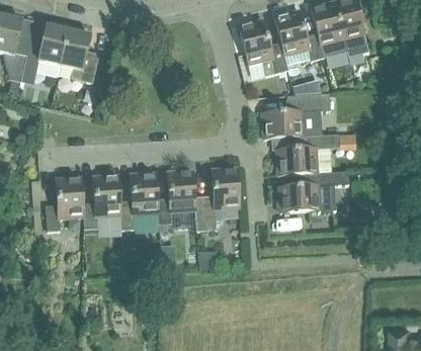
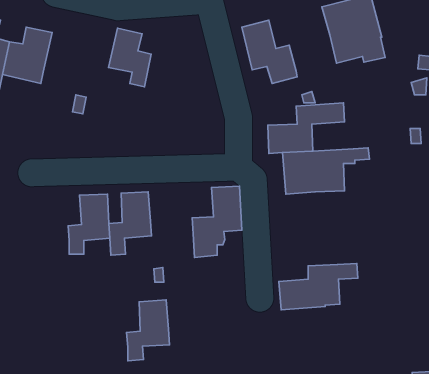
building: [274,10,324,65] -> none
building: [61,30,99,83] -> [108,28,151,87]
building: [157,170,195,225] -> [127,300,170,361]
building: [278,171,349,212] -> [279,263,358,310]
building: [46,177,84,232] -> none

